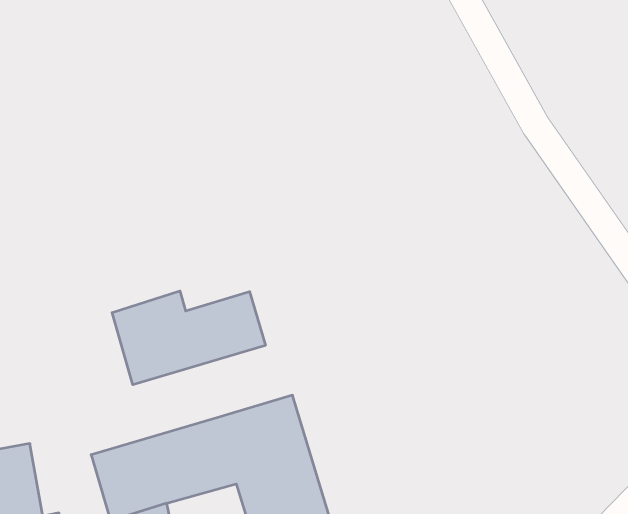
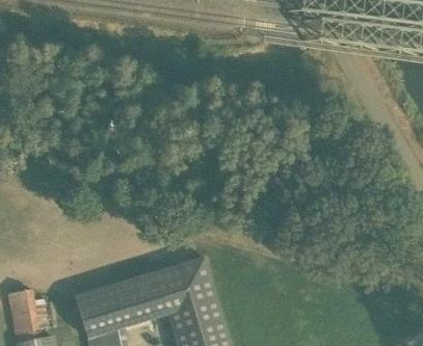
building: [112,291,265,385] -> none

